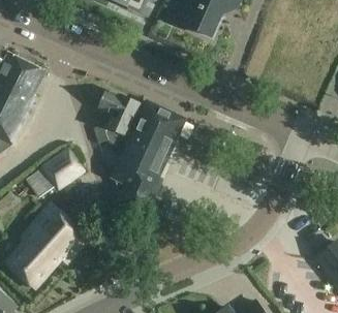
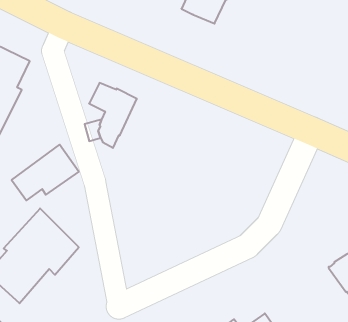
building: [115,105,182,215] -> none

